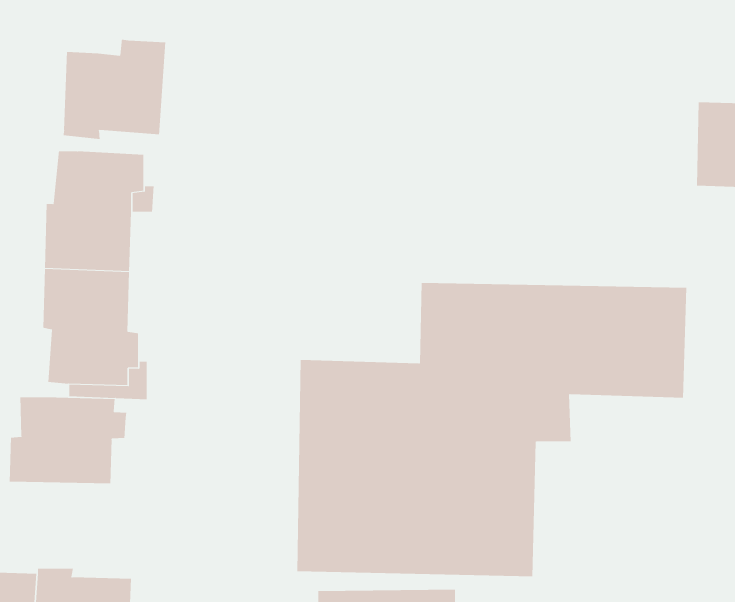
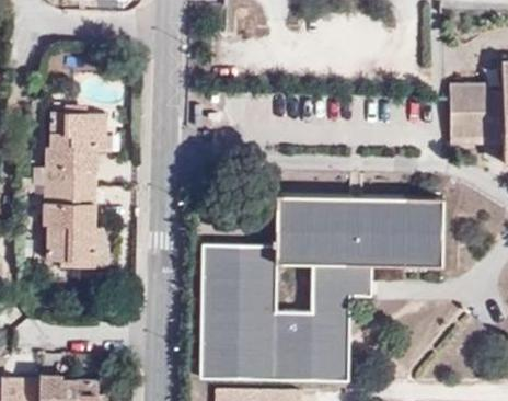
building: [63,39,166,140] -> none
building: [9,396,127,484] -> none

